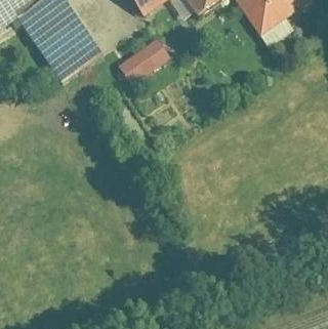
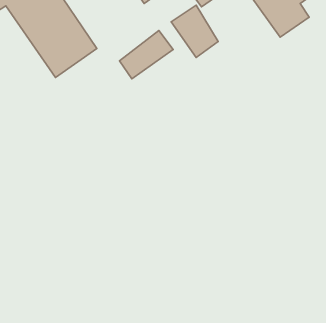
building: none -> [171,5,218,57]

